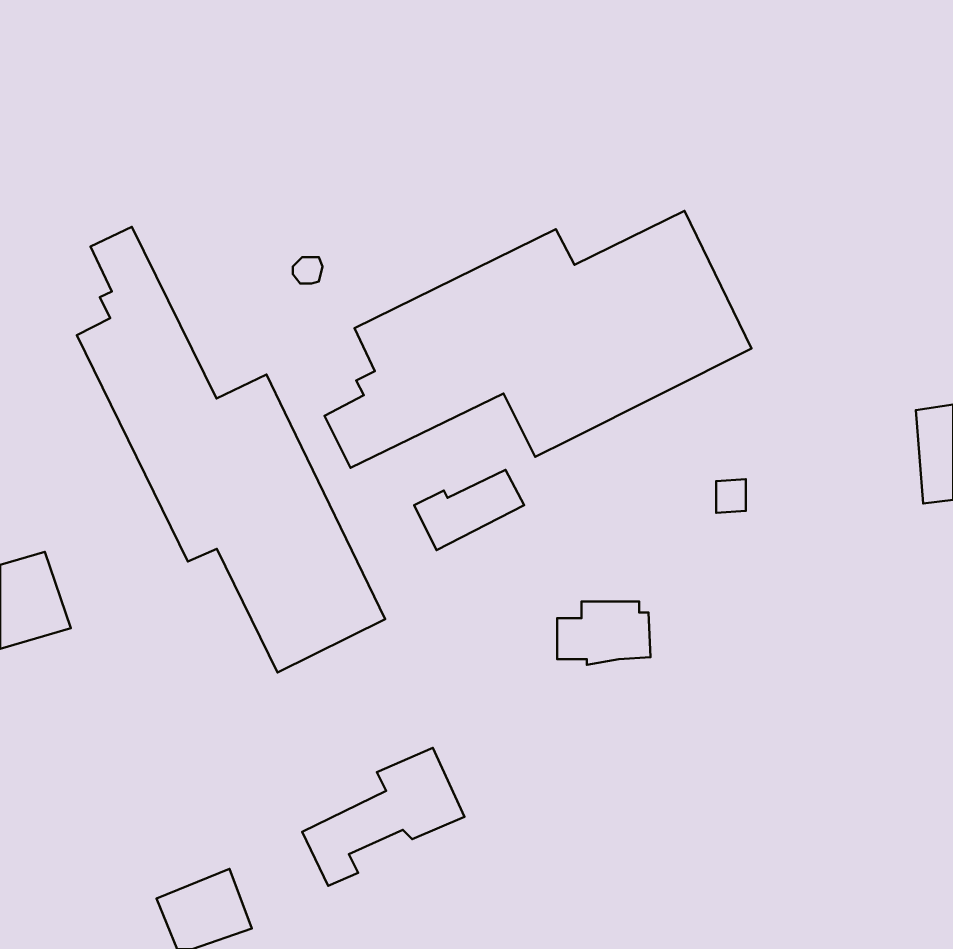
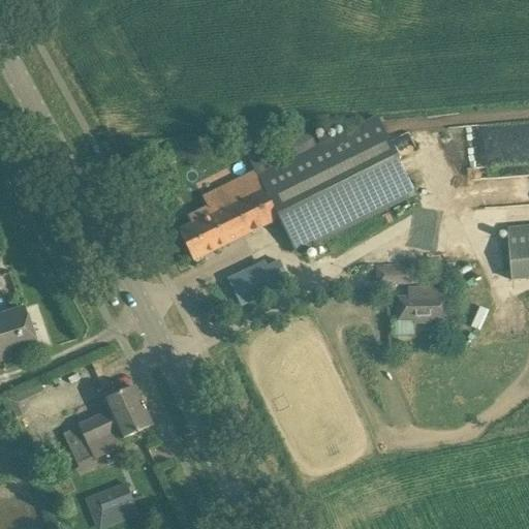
building: [77,227,385,673] -> none
building: [557,601,650,665] -> [398,287,449,322]
building: [302,748,464,886] -> [63,386,153,463]

